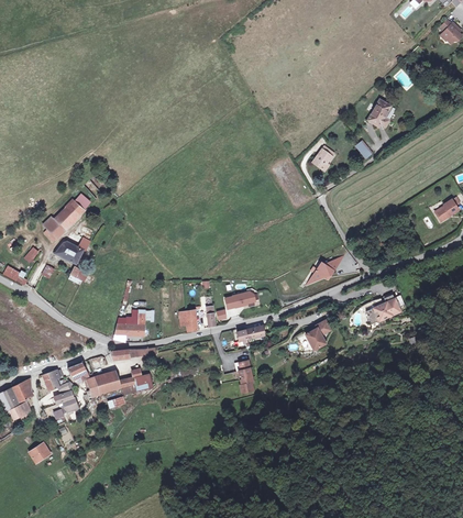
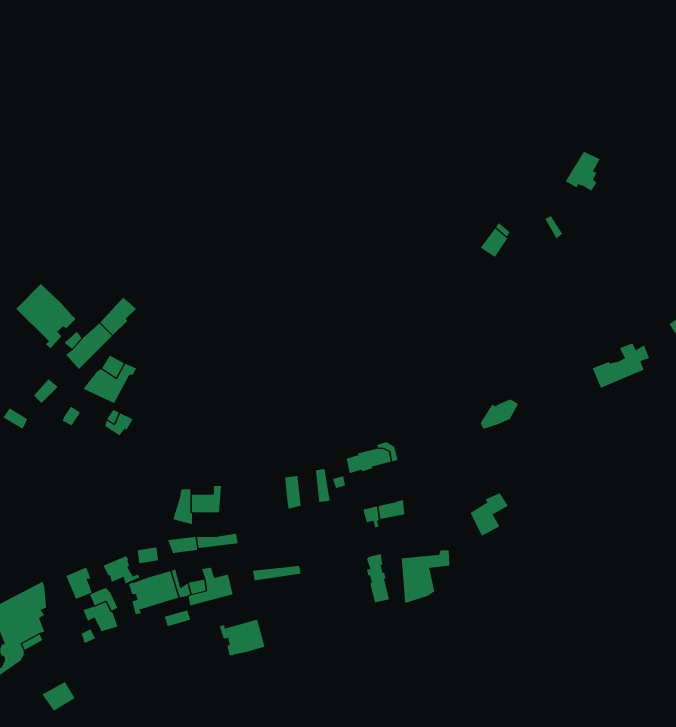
building: none -> [15,283,76,349]
building: [366,294,404,323] -> [592,343,650,389]
building: none -> [401,549,450,604]
building: none -> [219,619,265,656]

